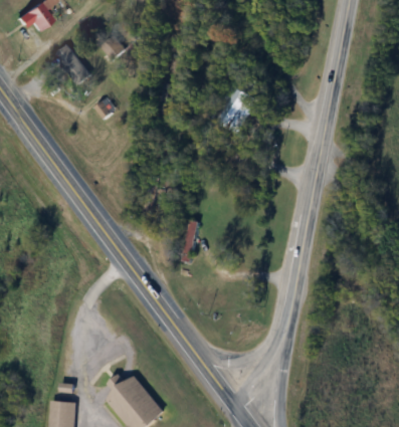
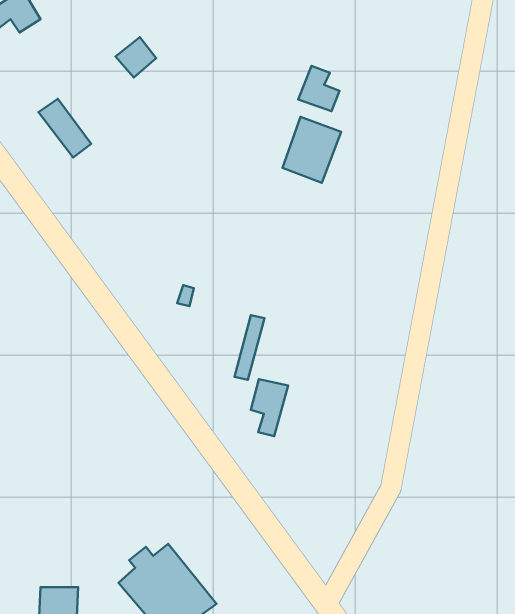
building: [54,44,89,83] -> [38,99,91,157]
building: none -> [298,66,339,111]
building: none -> [251,379,288,436]

